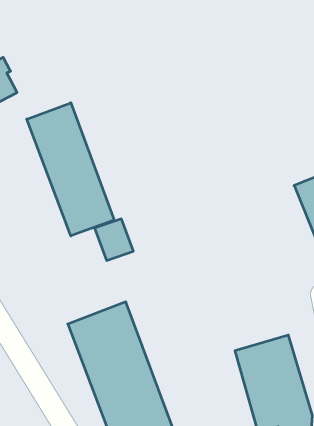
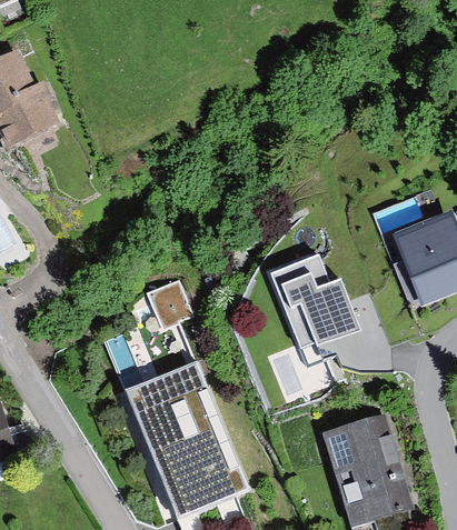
building: [27,103,114,236] -> none
building: none -> [265,249,362,353]

